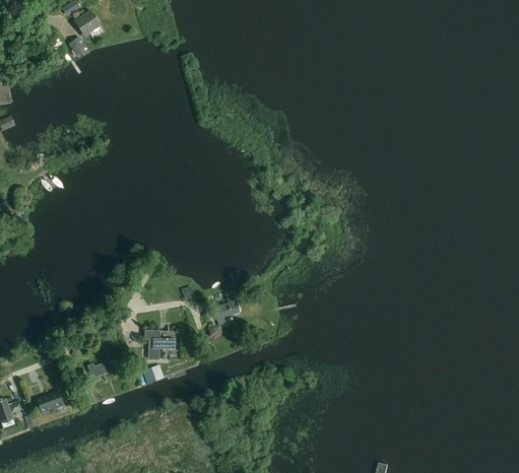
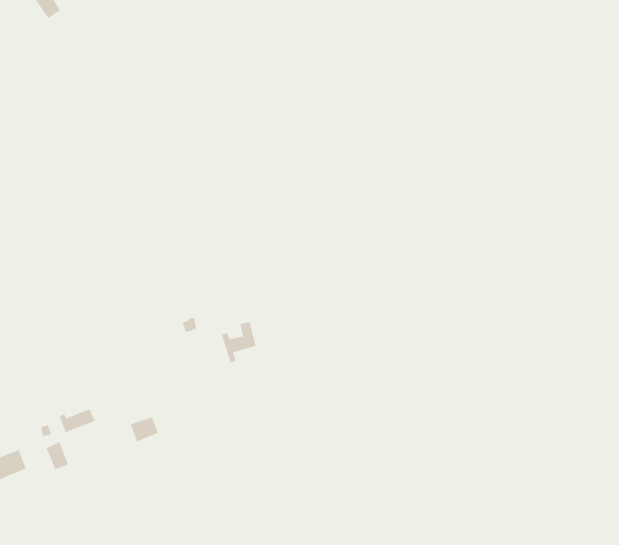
building: [143,330,174,359] -> none

